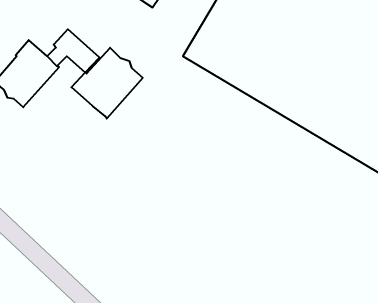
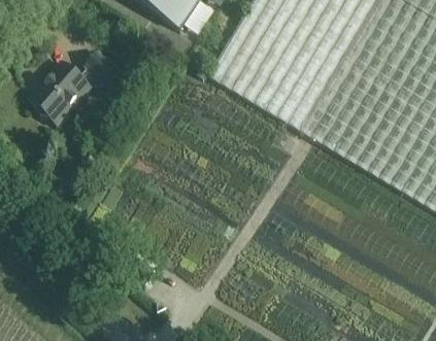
building: [71,48,143,119] -> none

